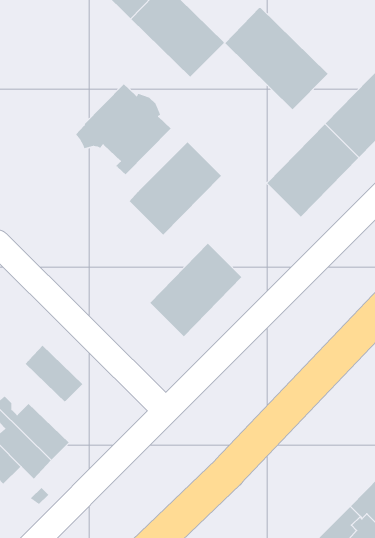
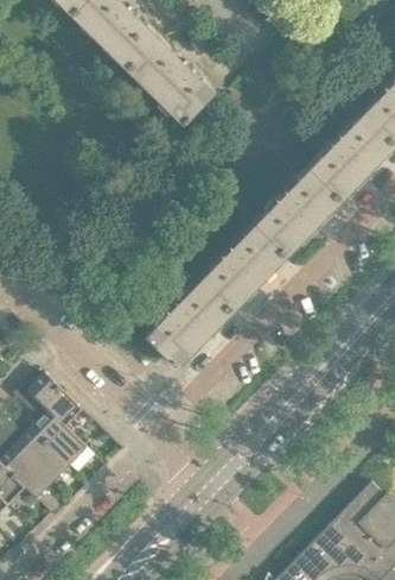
building: [224,7,329,110] -> none
building: [75,84,171,175] -> none
building: [129,141,222,236] -> [200,223,287,311]
building: none -> [15,387,88,466]

